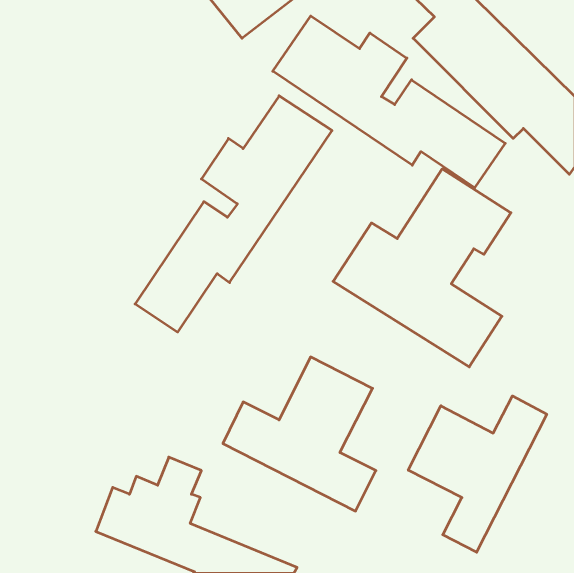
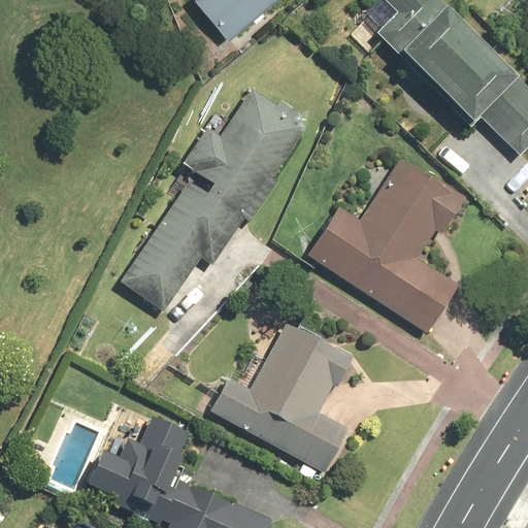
building: [273,16,505,188] -> none
building: [408,396,547,552] -> none

